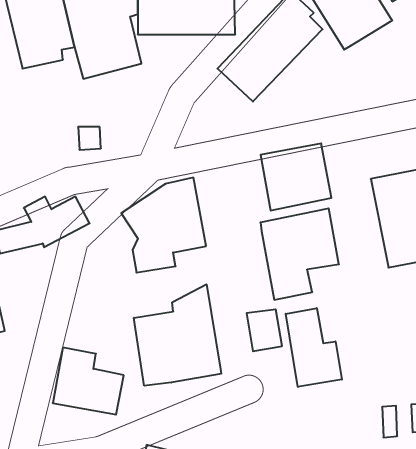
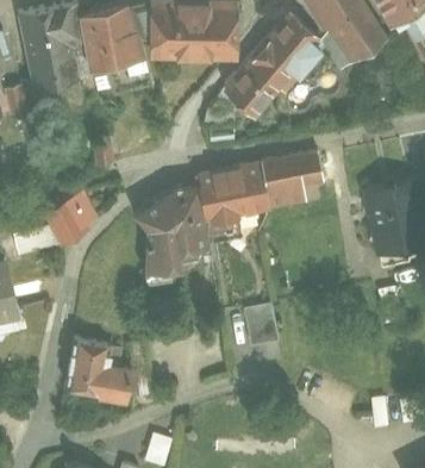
building: [260,208,339,300] -> [195,163,269,249]
building: [134,284,221,386] -> none
building: [286,308,342,387] -> none

